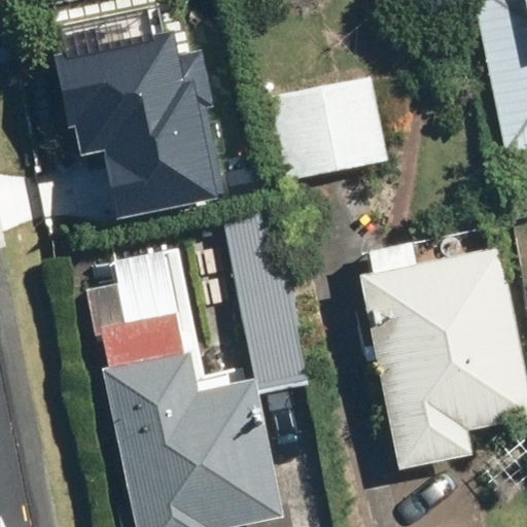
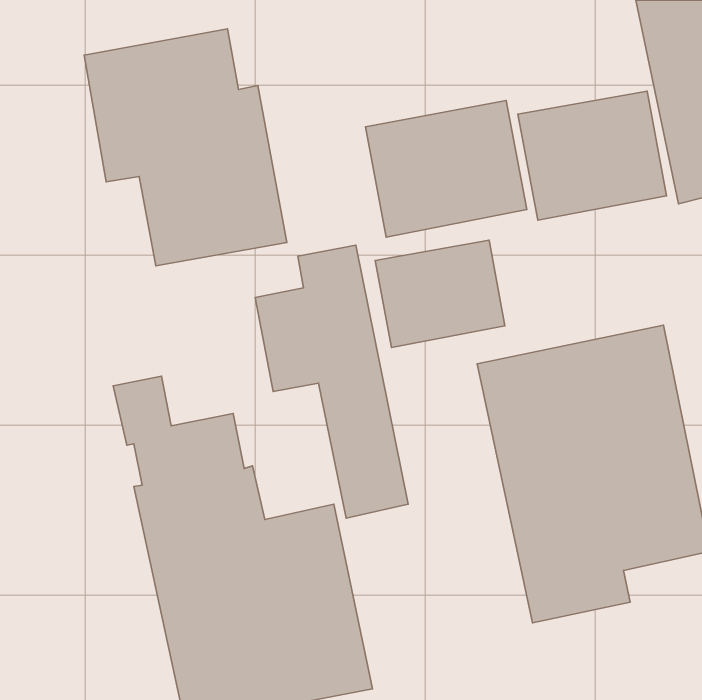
building: none -> [518,91,666,220]
building: none -> [375,240,505,347]

